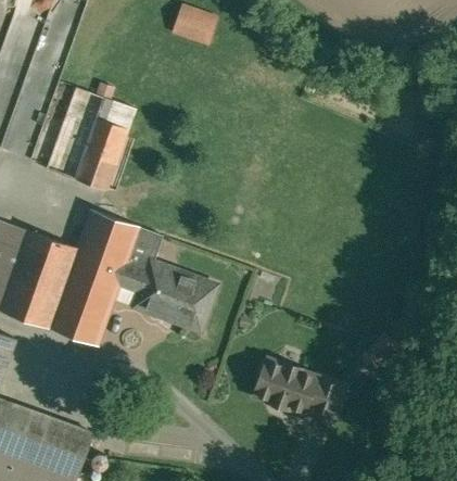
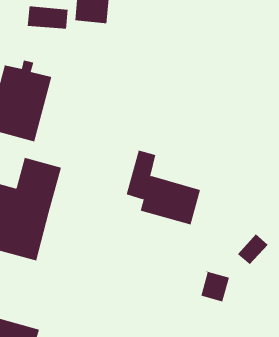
building: none -> [27,6,68,30]
building: [118,227,216,330] -> [126,150,201,225]
building: [255,360,316,412] -> none

